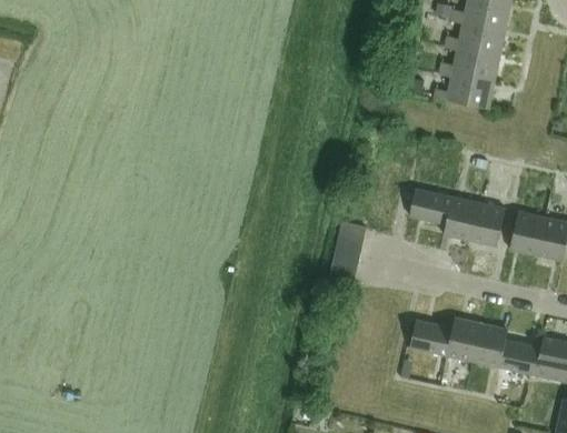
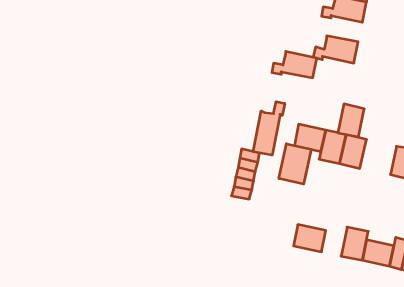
building: [440,47,499,81] -> [272,51,317,78]
building: none -> [253,102,285,155]
building: [509,211,544,254] -> [338,104,364,137]
building: none -> [279,144,311,184]
building: [446,318,479,361] -> none

